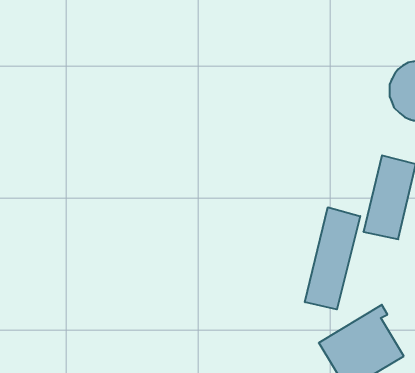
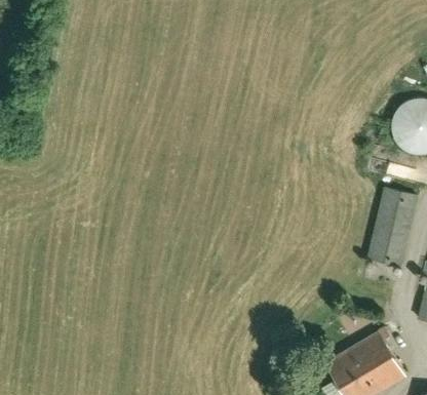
building: [305,207,360,309] -> none

